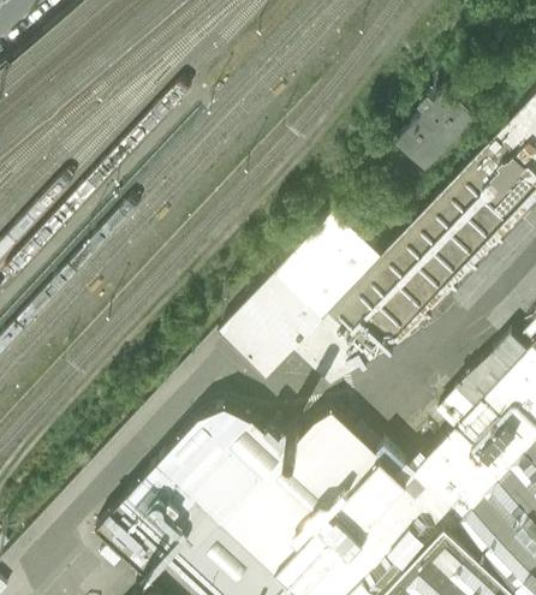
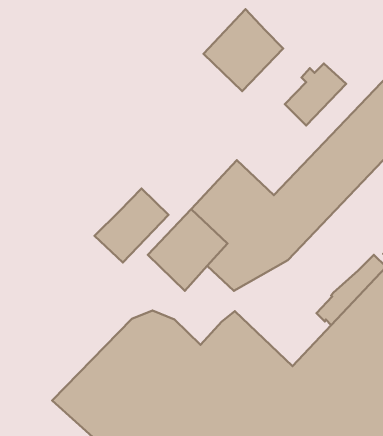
building: none -> [203,9,283,91]
building: none -> [94,189,168,262]

